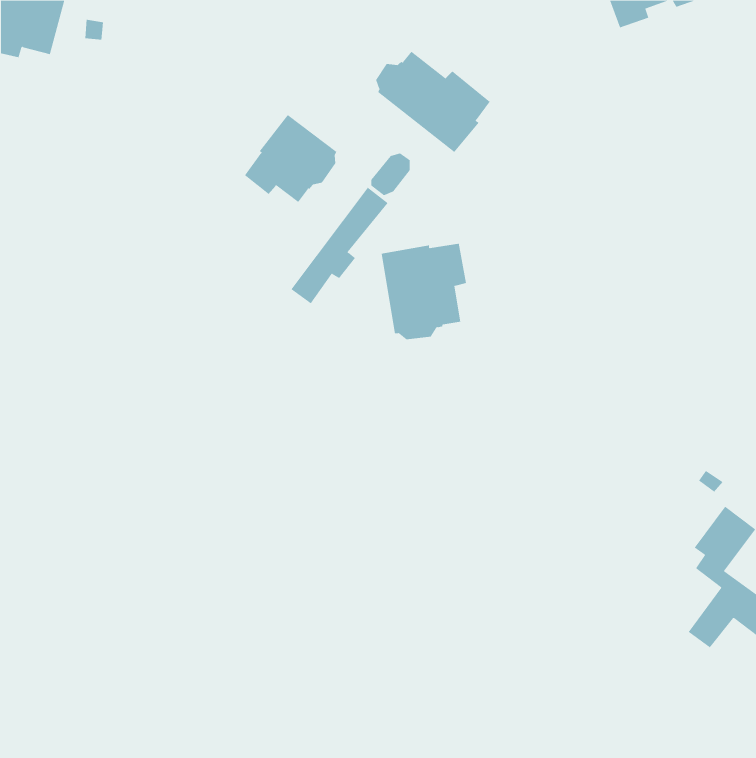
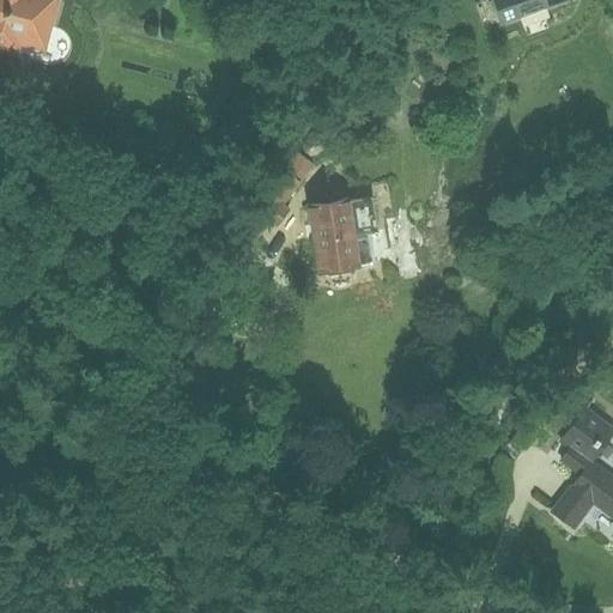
building: [375,51,491,153] -> none
building: [244,114,337,203] -> none

